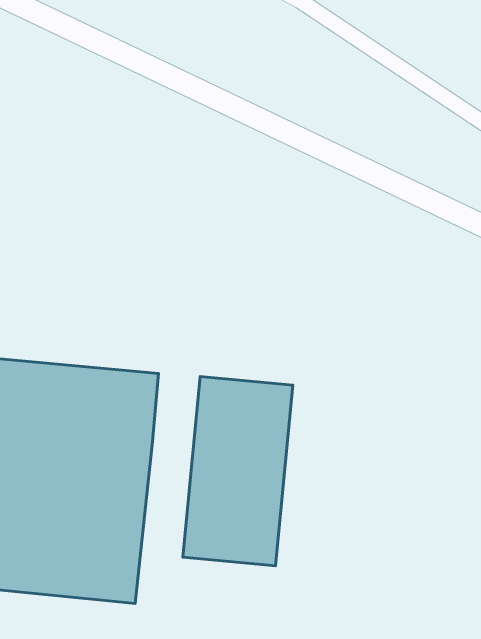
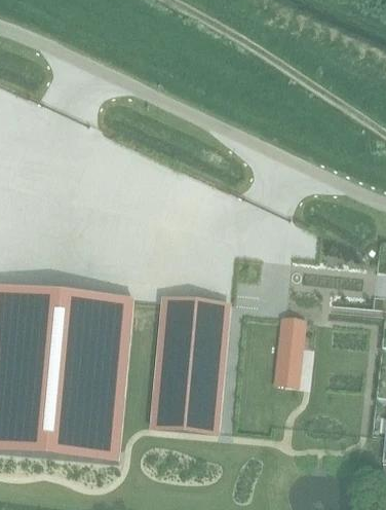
building: none -> [276,316,303,384]

